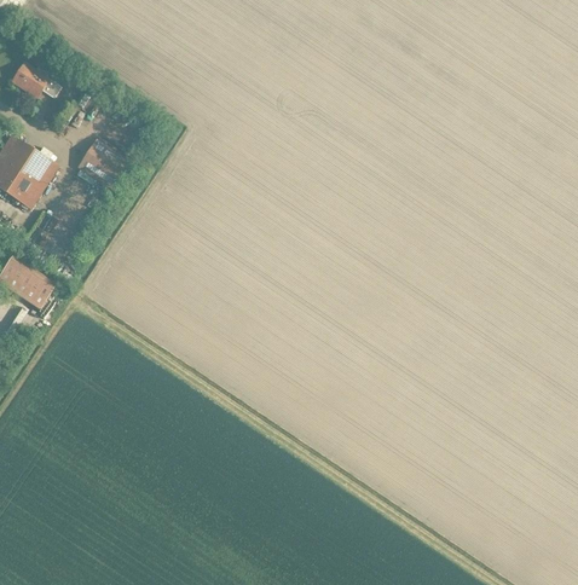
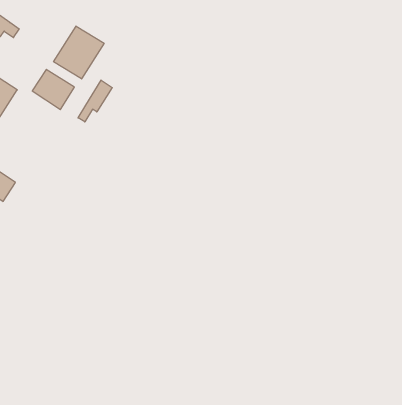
building: none -> [54,26,104,79]
building: none -> [78,80,112,122]

